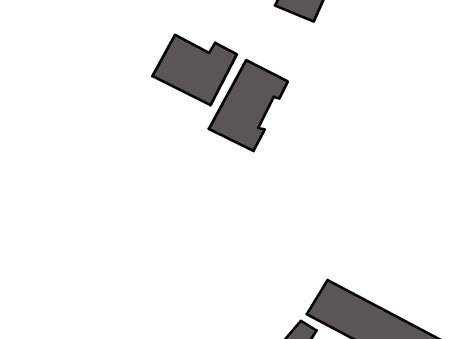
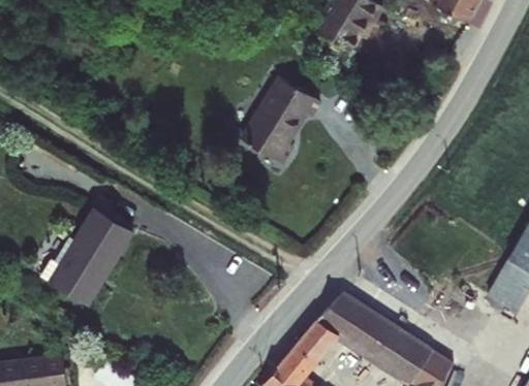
building: [152,35,237,105] -> none
building: none -> [34,206,135,304]

